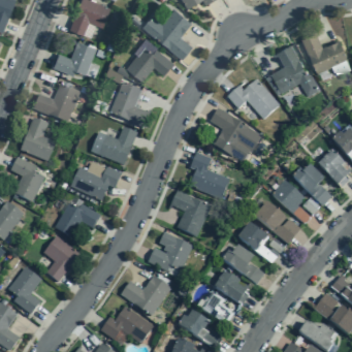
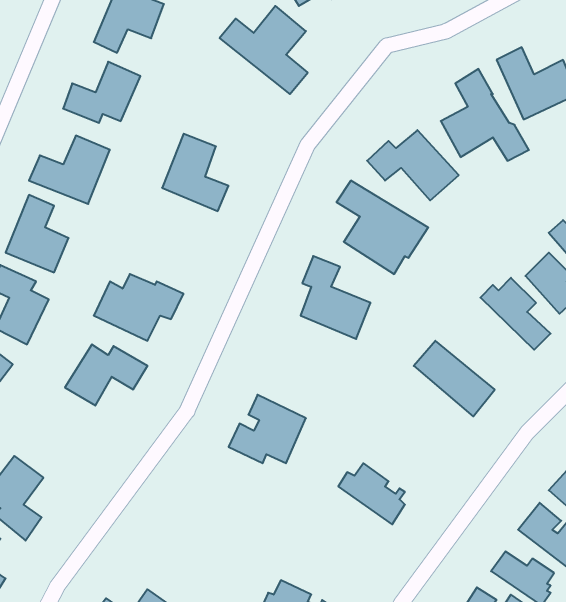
building: [127,45,173,81] -> none
building: [90,126,137,165] -> none
building: [271,180,309,223] -> none
building: [170,190,211,236] -> none
building: [237,221,284,263] -> none
building: [43,235,79,282] -> none
building: [221,245,263,284] -> none
building: [121,275,170,316] -> none
building: [197,292,233,325] -> none
building: [100,306,153,344] -> none
building: [178,308,219,345] -> none

